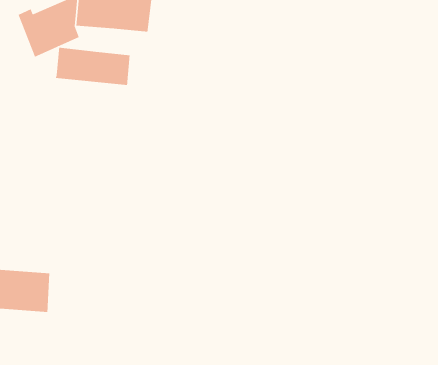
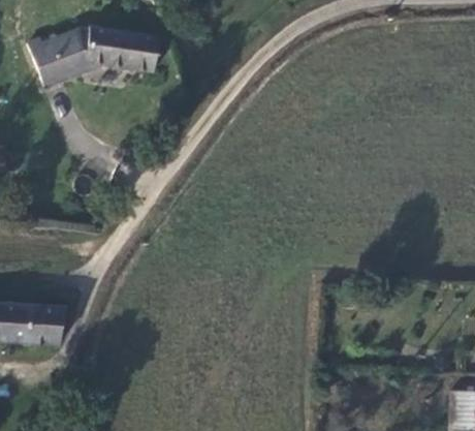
building: [55,47,130,86] -> none

